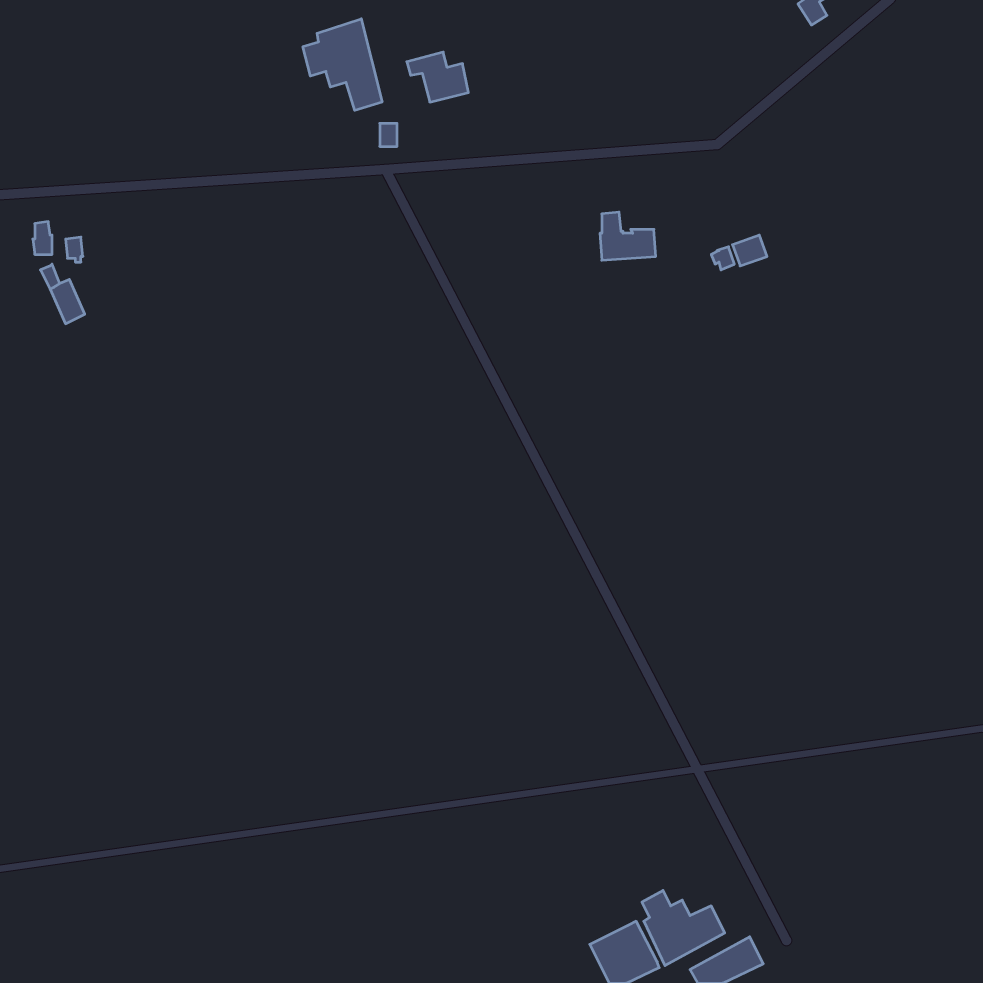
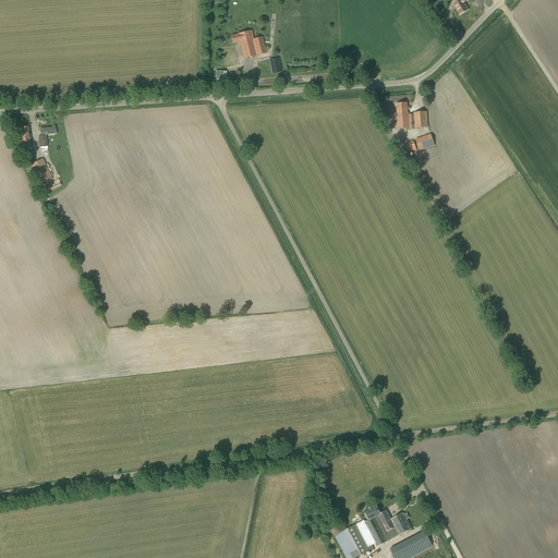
building: [303,19,382,110] -> none
building: [600,212,656,260] -> [395,101,426,129]

